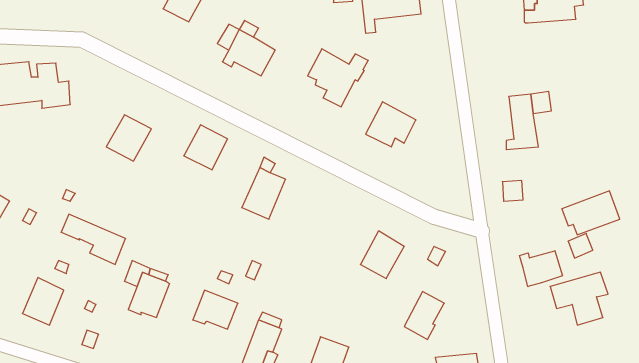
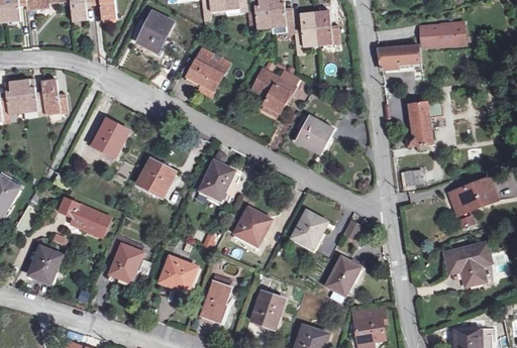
building: none -> [377,47,421,68]
building: [184,125,228,170] -> [138,159,173,195]
building: none -> [235,209,272,247]
building: [519,251,562,287] -> none

